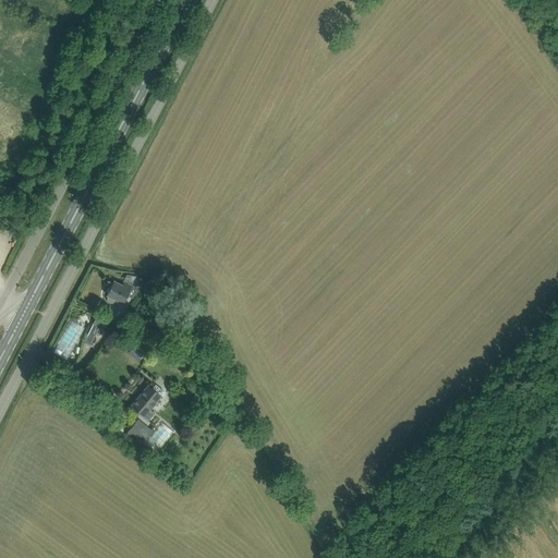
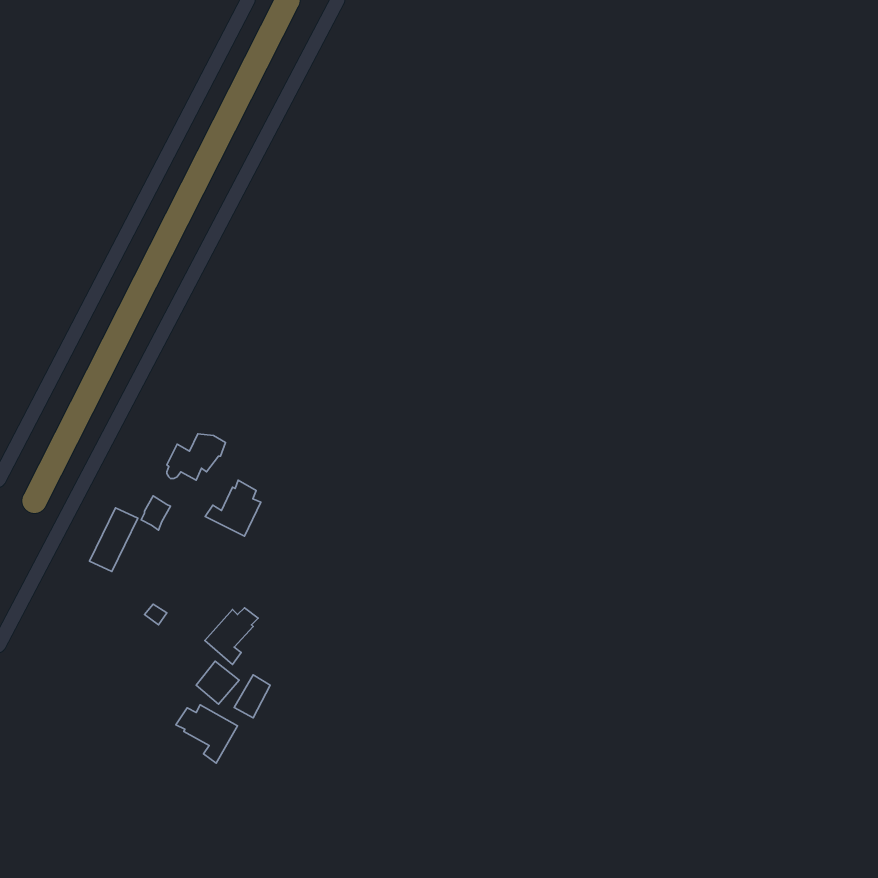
building: none -> [205,480,261,536]
building: none -> [176,705,237,763]

